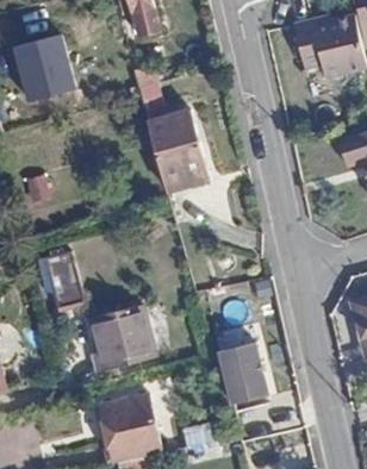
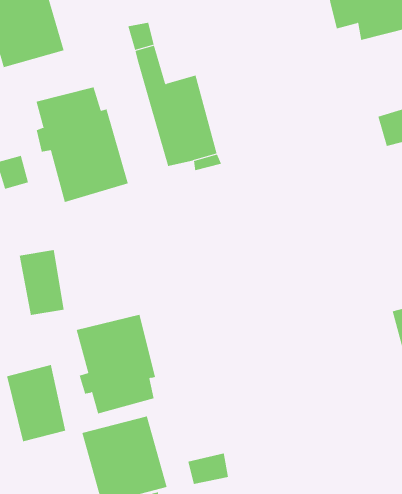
building: none -> [36,86,129,203]
building: [218,342,267,404] -> none
building: none -> [6,364,66,442]

